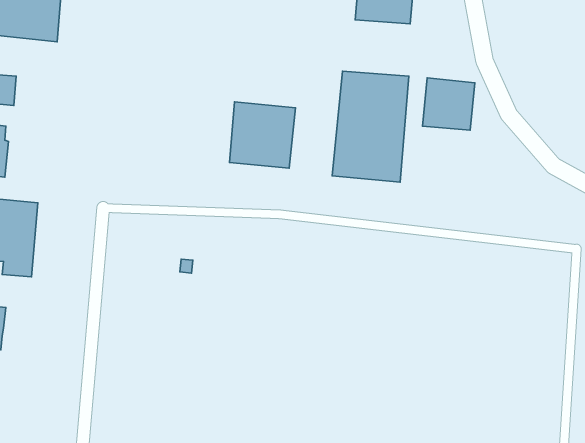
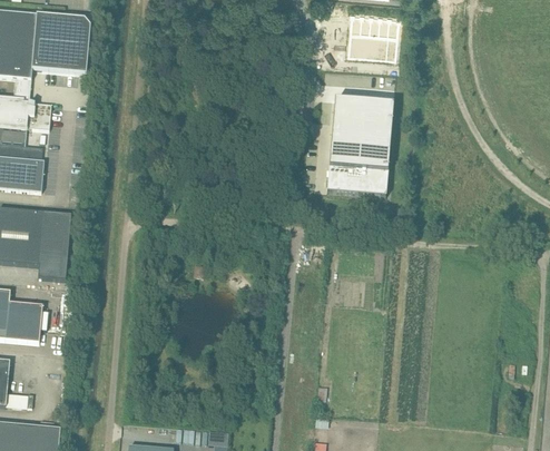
building: [423,78,475,130] -> none
building: [230,102,296,168] -> none

